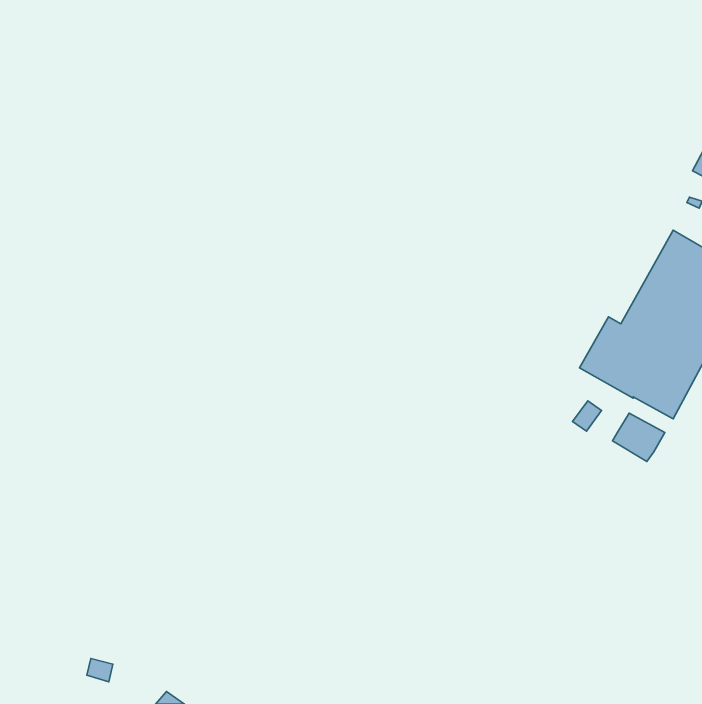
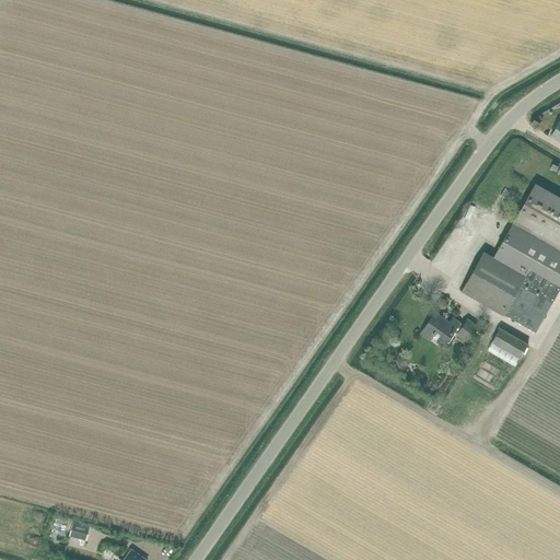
building: none -> [420,311,462,345]

